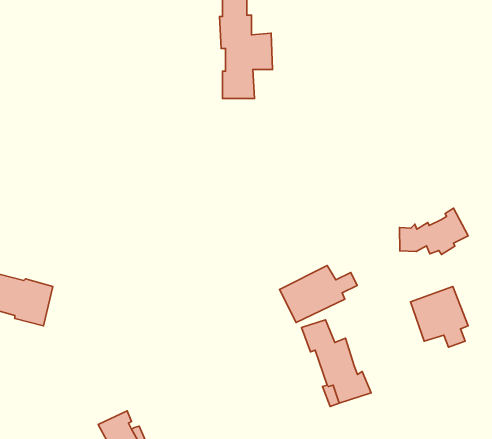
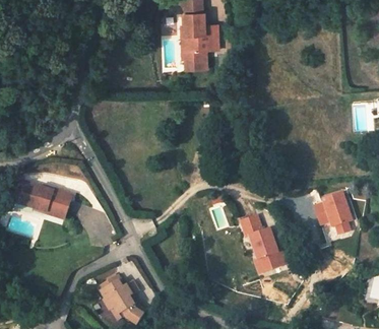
building: [399,208,468,254] -> none
building: [280,265,357,323] -> none

